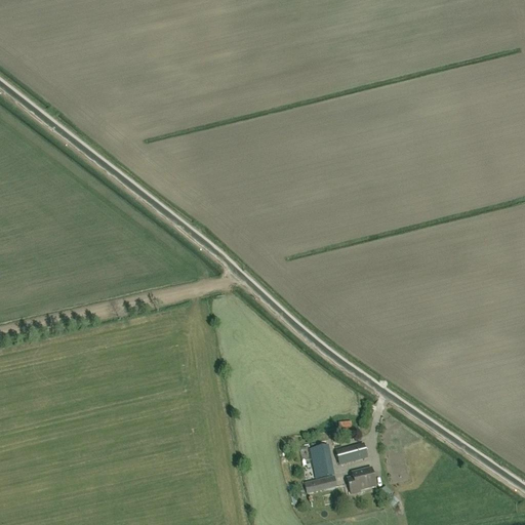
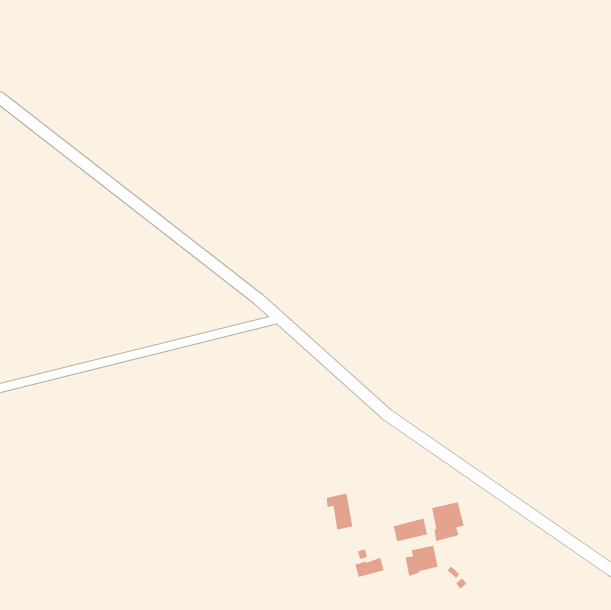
building: none -> [431,501,464,542]
building: [311,445,334,477] -> [326,493,353,530]

